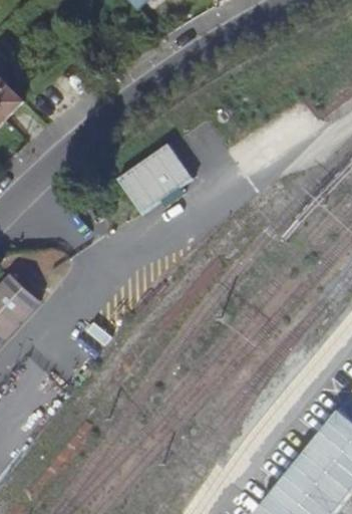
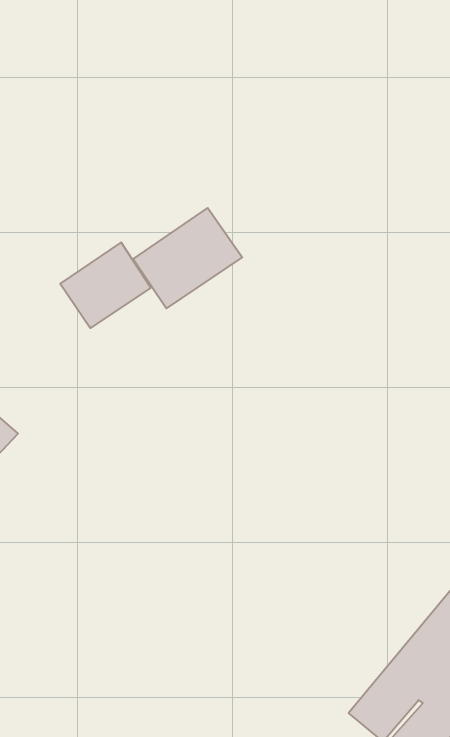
building: none -> [60,242,151,328]

